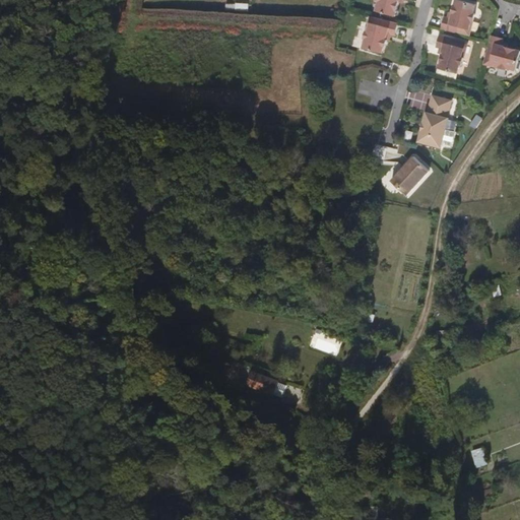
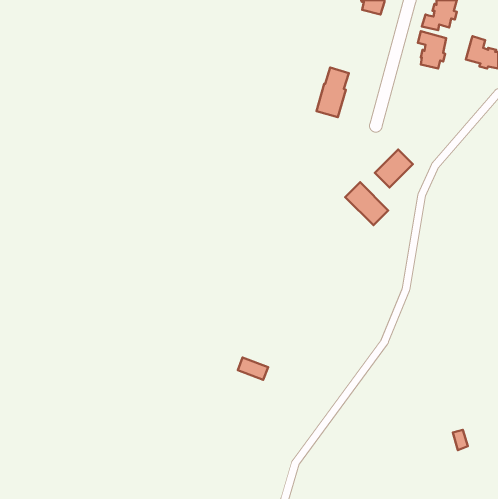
building: [363,19,397,53] -> none
building: [417,94,451,146] -> [316,67,349,117]
building: none -> [345,182,388,225]

